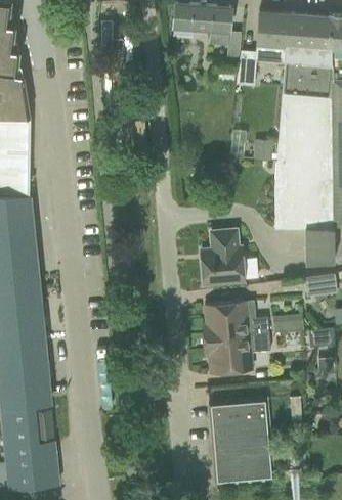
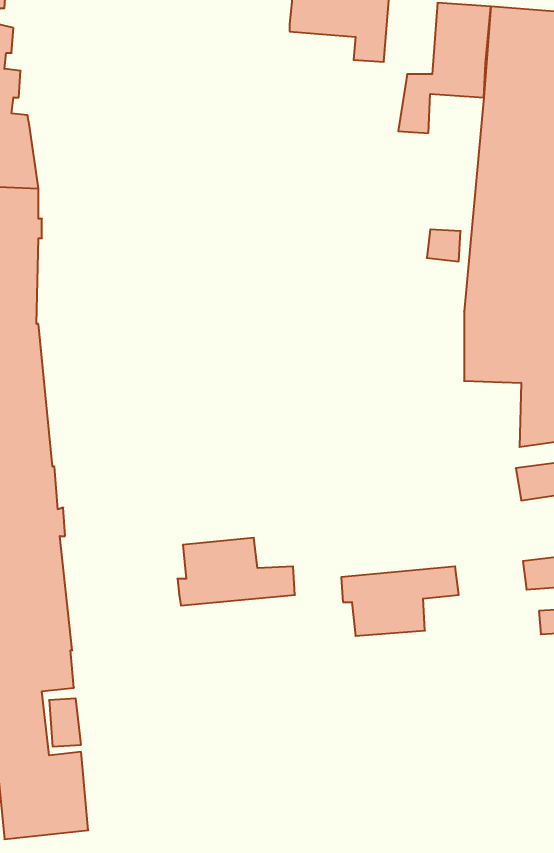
building: [202,231,244,284] -> none
building: [202,302,269,340] -> [177,538,295,606]
building: [273,315,304,334] -> none
building: [209,399,273,484] -> none

